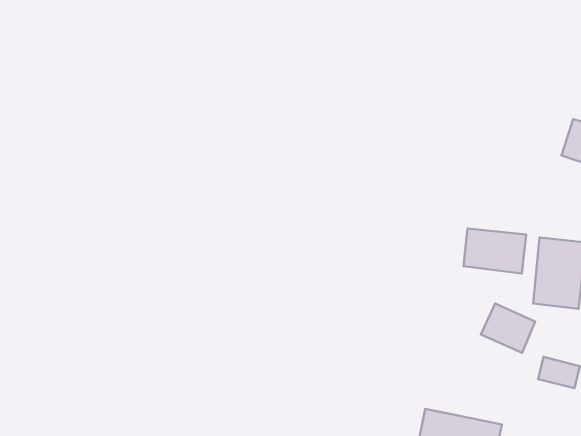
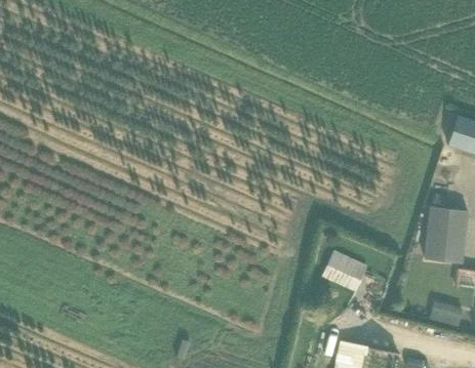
building: [463,228,526,273] -> none
building: [481,303,535,353] -> [322,251,365,290]

